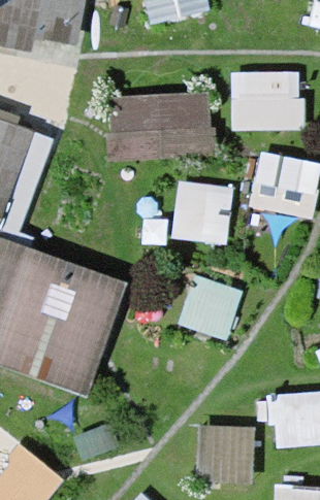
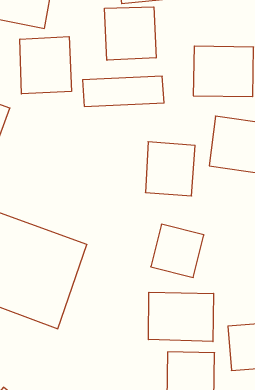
building: none -> [105,7,156,60]
building: none -> [20,37,71,94]
building: none -> [148,292,214,342]

